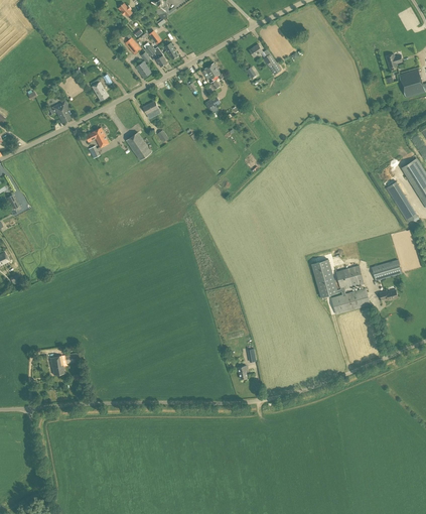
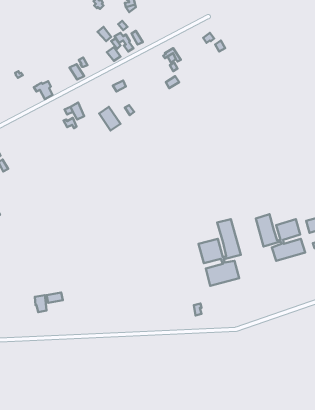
building: none -> [198,219,241,286]

